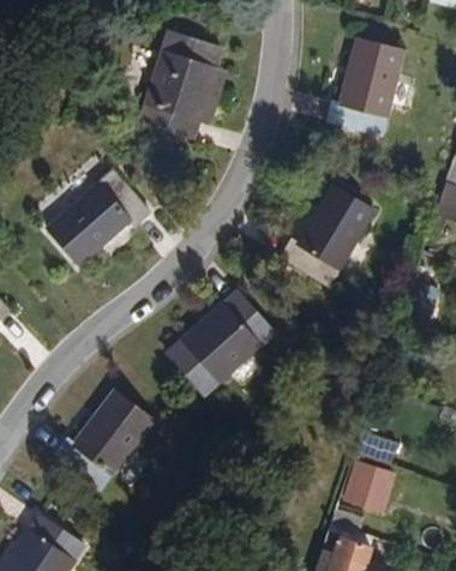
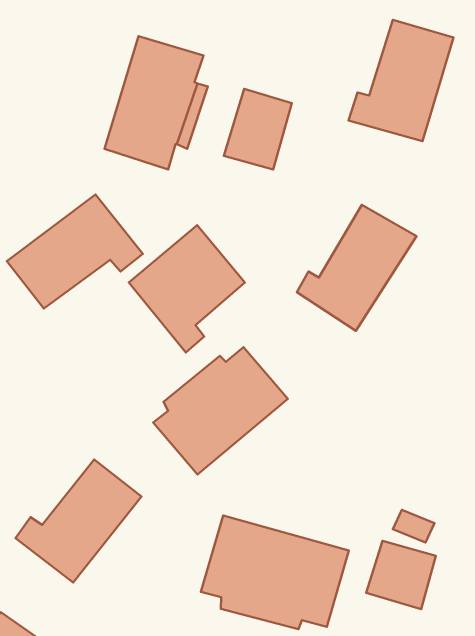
building: none -> [224,89,292,169]
building: none -> [129,225,245,352]
building: none -> [201,516,349,629]

